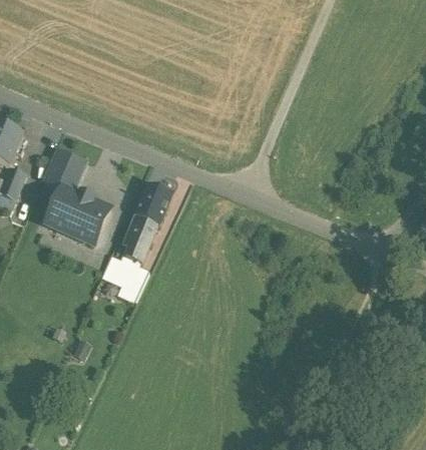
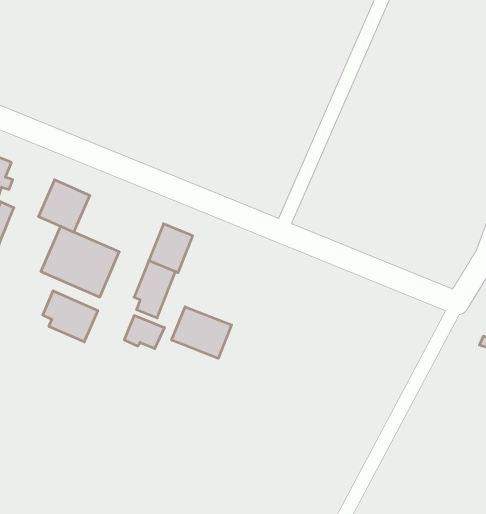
building: none -> [43,291,98,342]
building: none -> [172,307,232,358]

